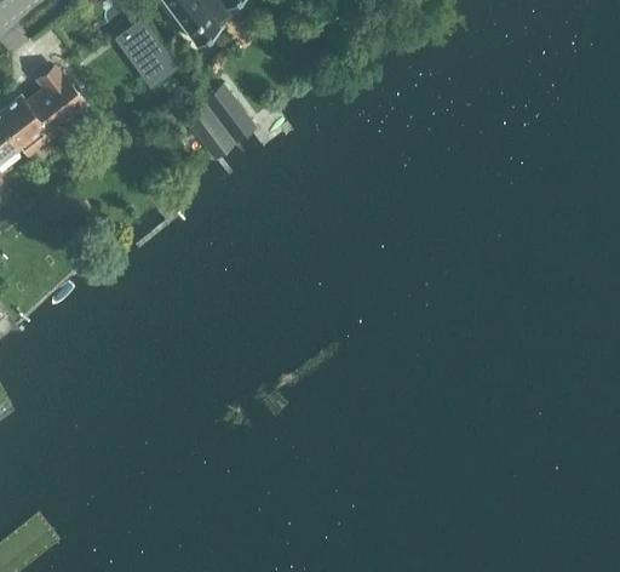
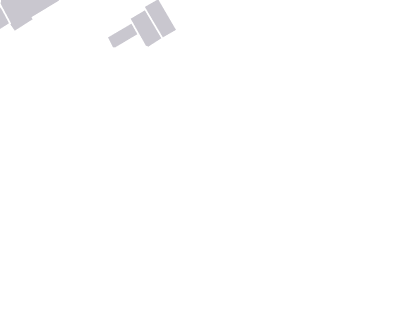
building: none -> [107,23,139,48]

